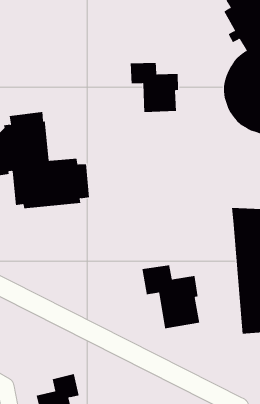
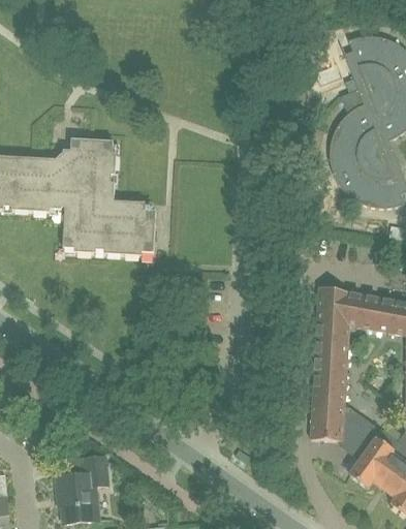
building: [130,62,178,113] -> none
building: [142,265,200,329] -> none

